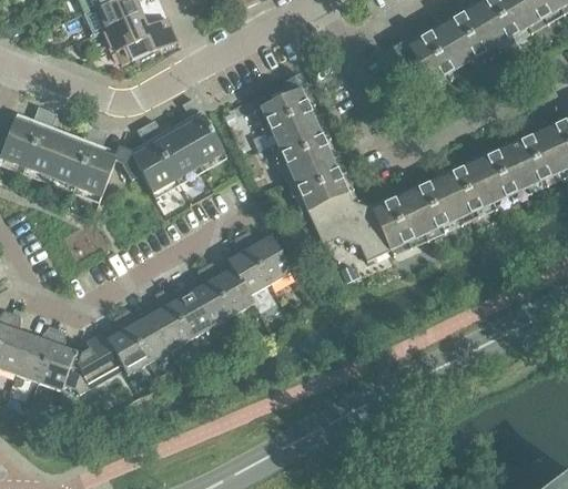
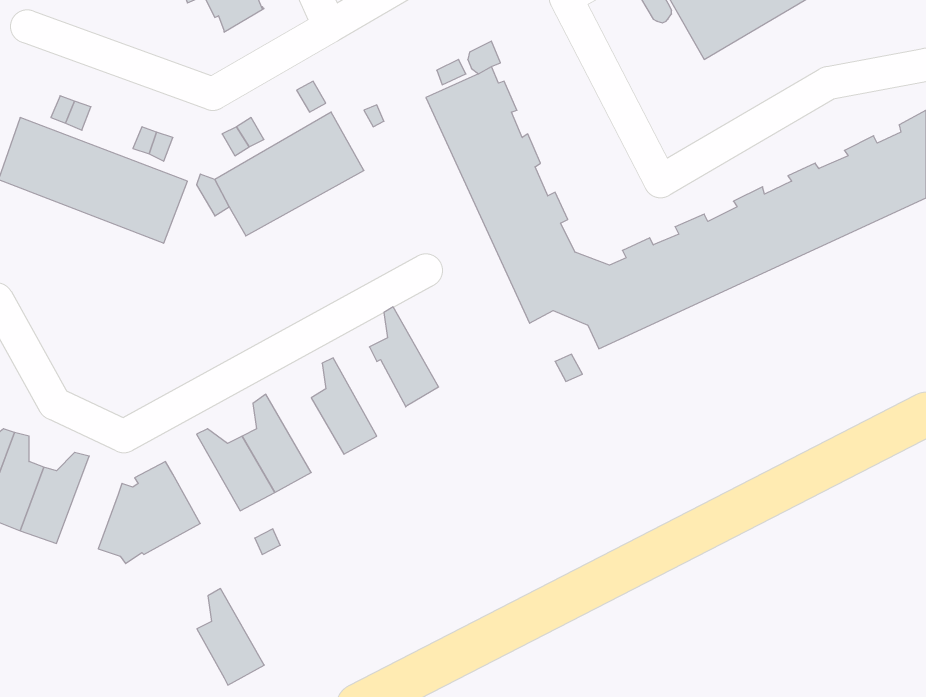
building: [241,231,291,284] -> none
building: [204,262,253,314] -> none
building: [163,285,211,336] -> none
building: [106,313,148,371] -> [197,589,264,685]
building: [36,326,73,388] -> none

